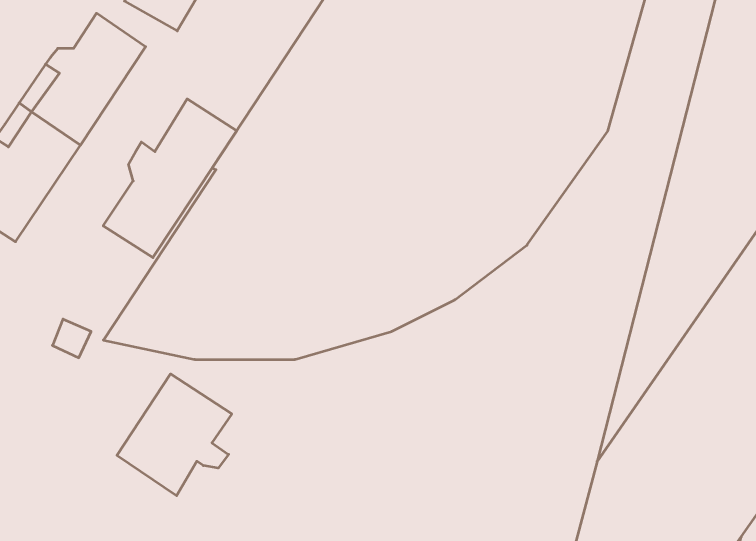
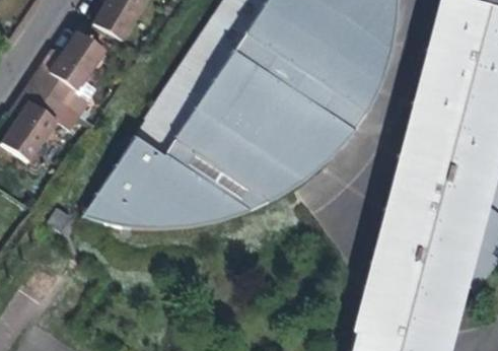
building: [103,99,237,258] -> none
building: [117,374,232,496] -> none

